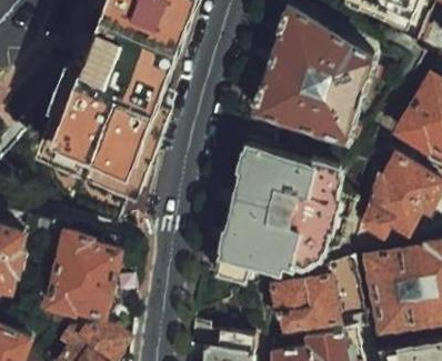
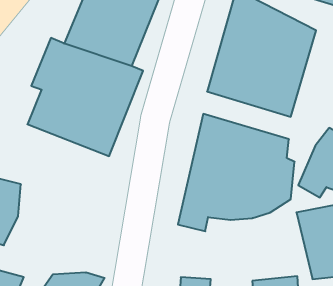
building: [41,229,123,317] -> none
building: [267,270,349,334] -> none

